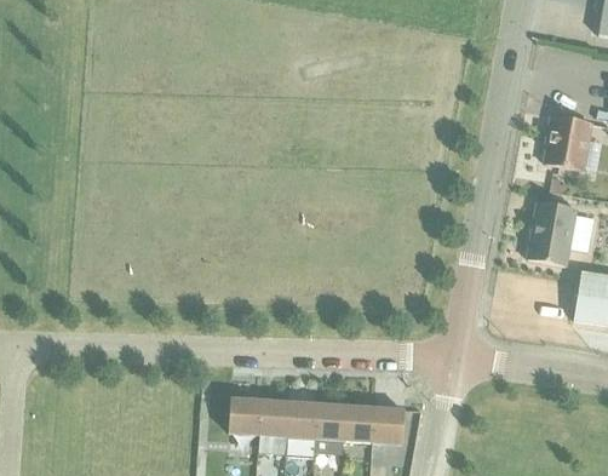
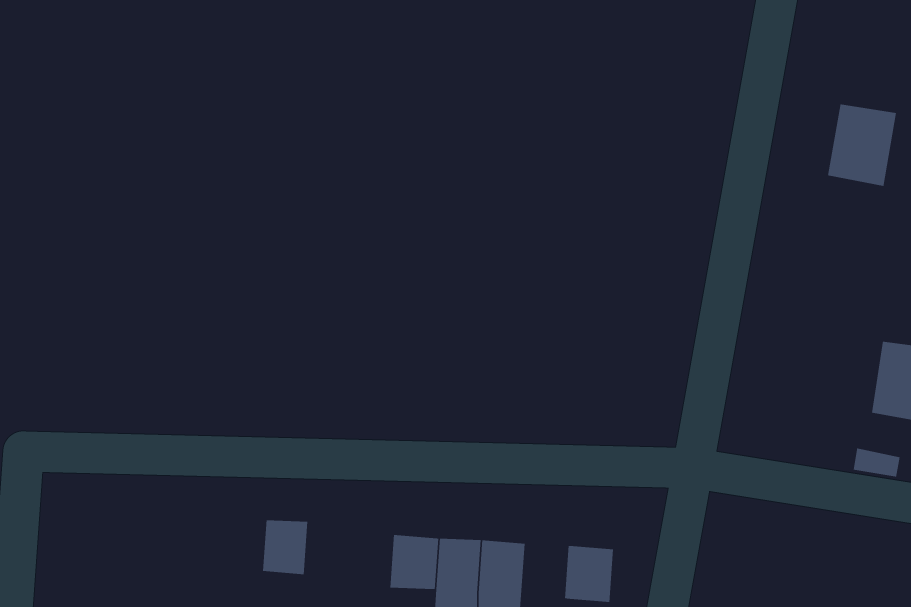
building: [528,201,577,265] -> none
building: [229,397,259,434] -> [262,520,308,575]
building: [344,405,374,441] -> none

